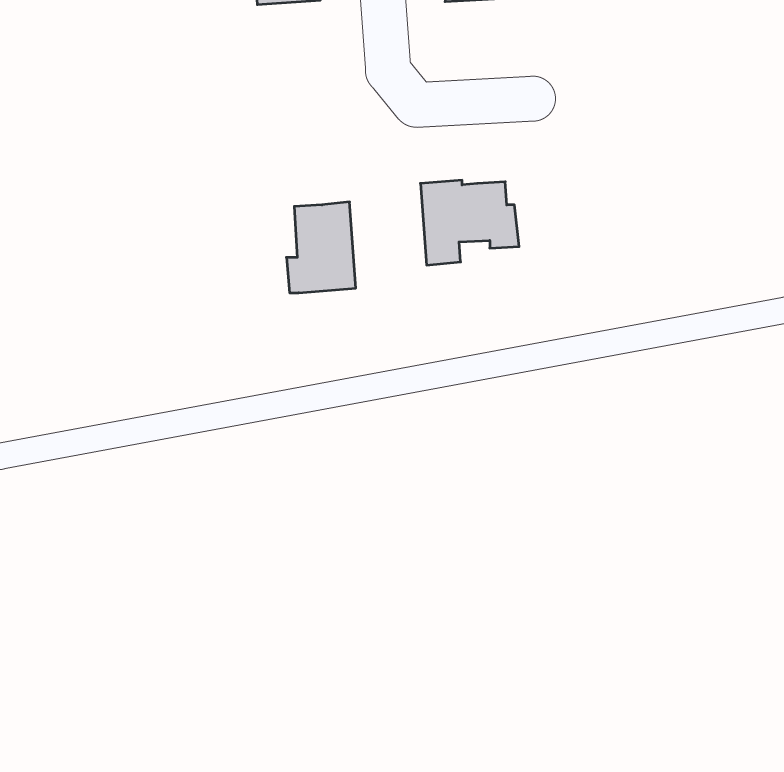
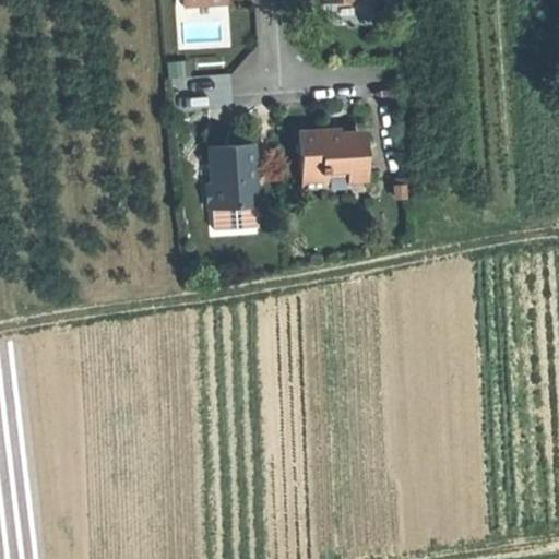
building: none -> [214,204,257,229]

